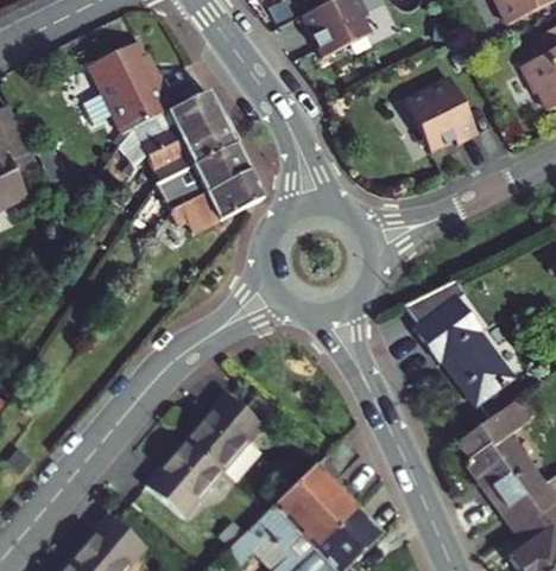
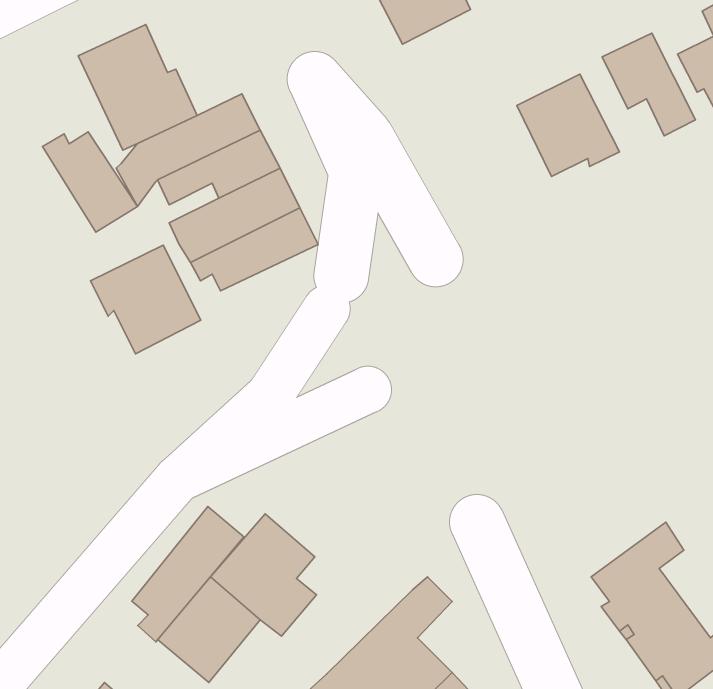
building: none -> [602,33,695,136]
building: none -> [43,132,138,232]
building: none -> [90,245,201,354]
building: [403,279,513,404] -> none
building: none -> [132,507,244,642]

